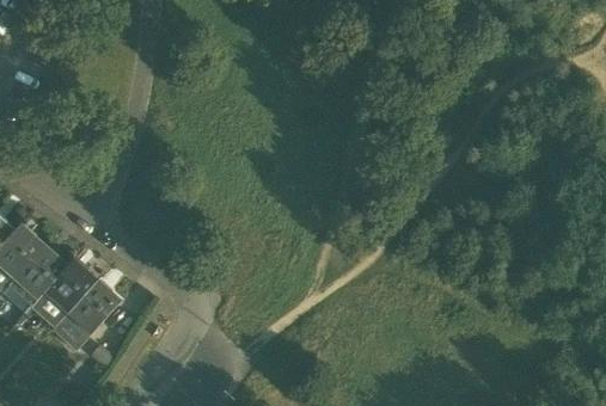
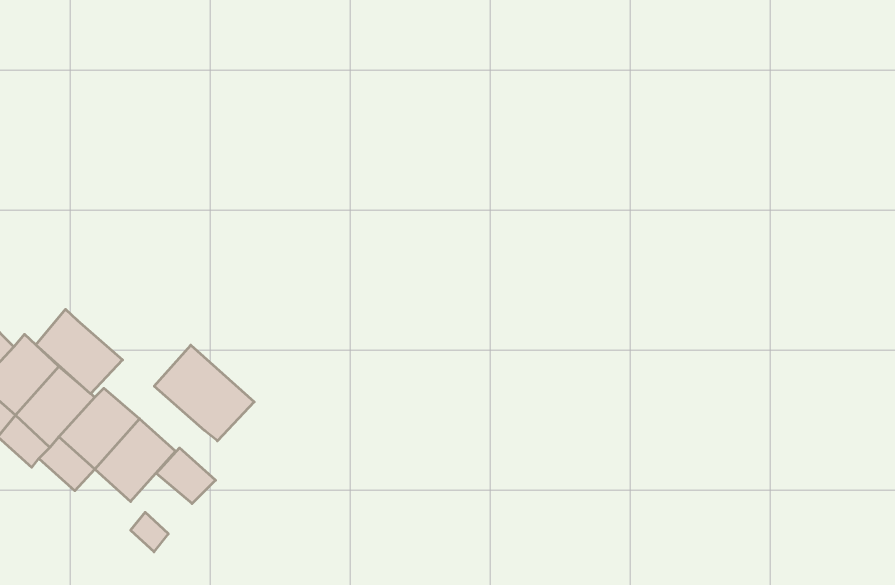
building: none -> [36,309,123,394]
building: none -> [154,345,254,441]
building: [51,313,91,350] -> [156,448,216,504]

